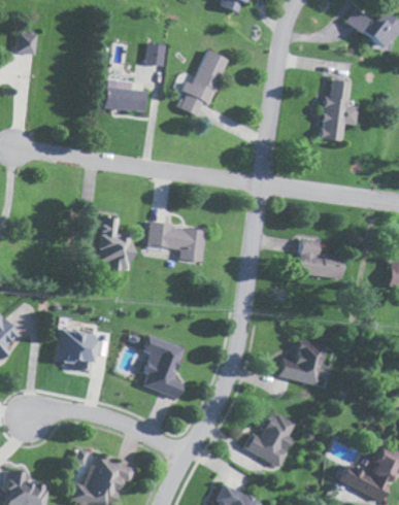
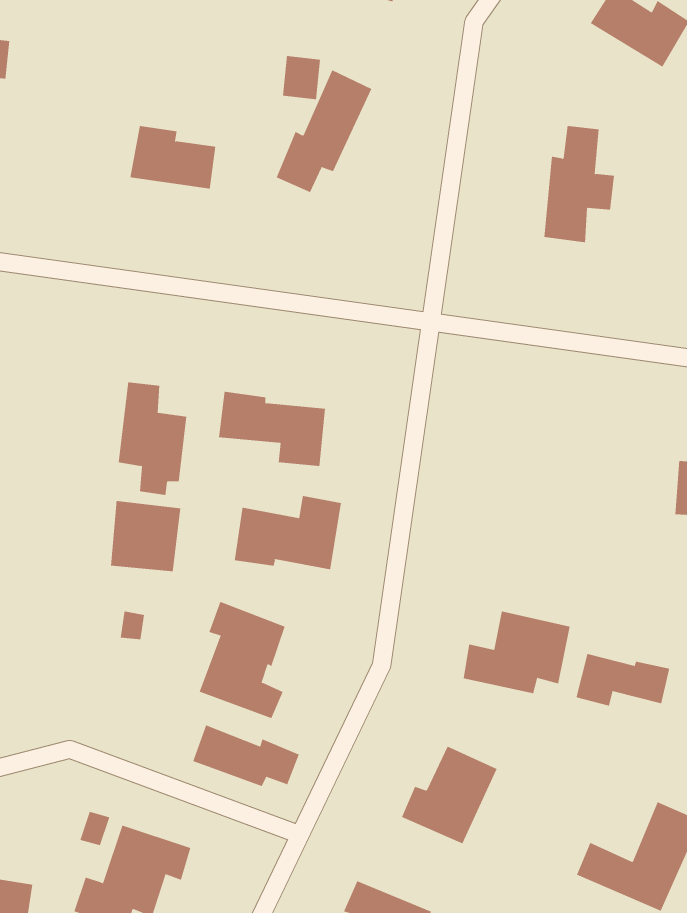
building: [145,42,166,66] -> [282,55,321,100]
building: [299,240,343,278] -> none
building: none -> [234,495,342,570]
building: [56,328,94,366] -> [110,500,181,572]
building: none -> [576,653,670,707]
building: none -> [193,724,299,787]

